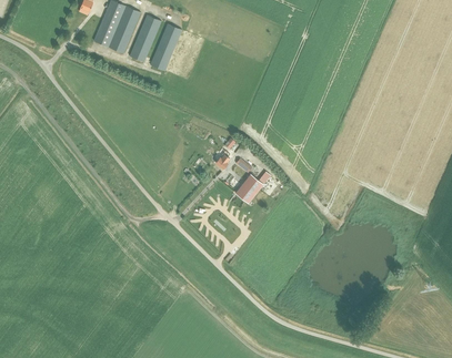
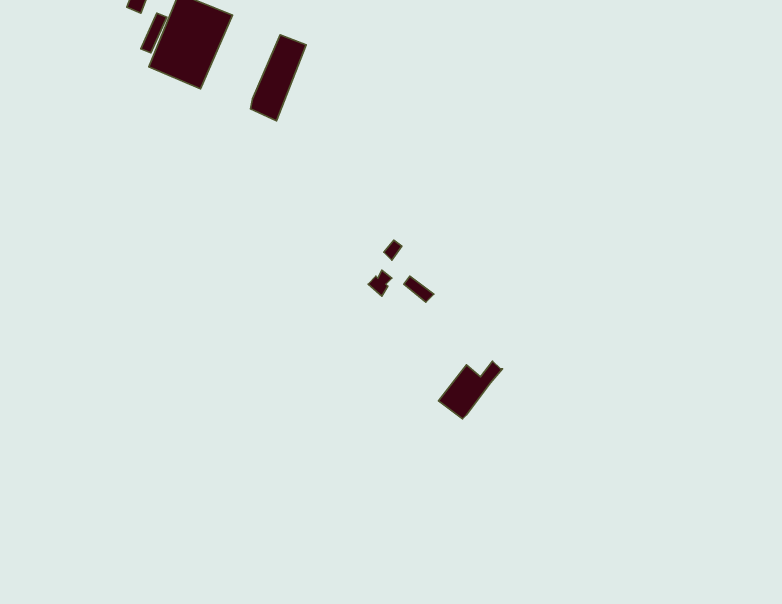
building: [130,14,162,62] -> none
building: [235,171,271,203] -> [439,361,502,419]

